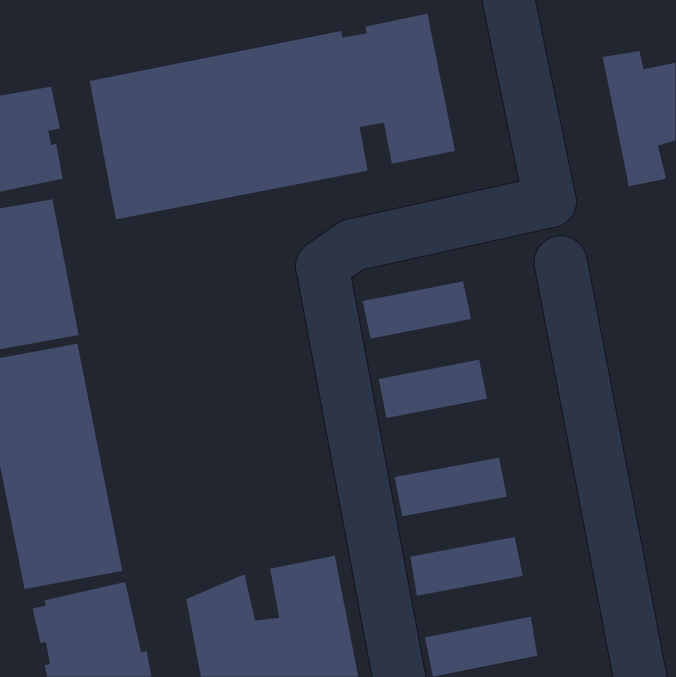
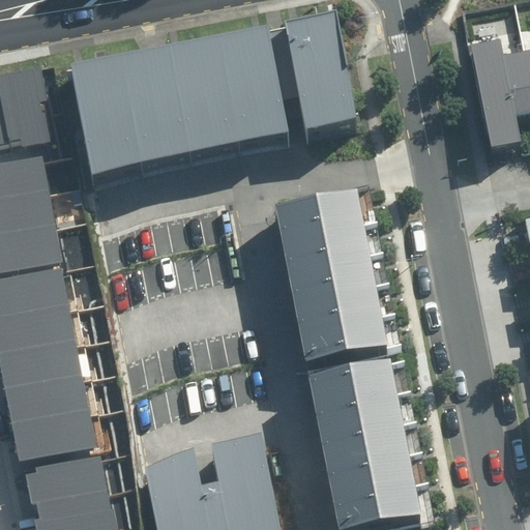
building: none -> [277,188,362,235]
building: none -> [289,249,375,296]
building: none -> [301,312,386,357]
building: none -> [314,388,403,435]
building: none -> [325,450,415,498]

